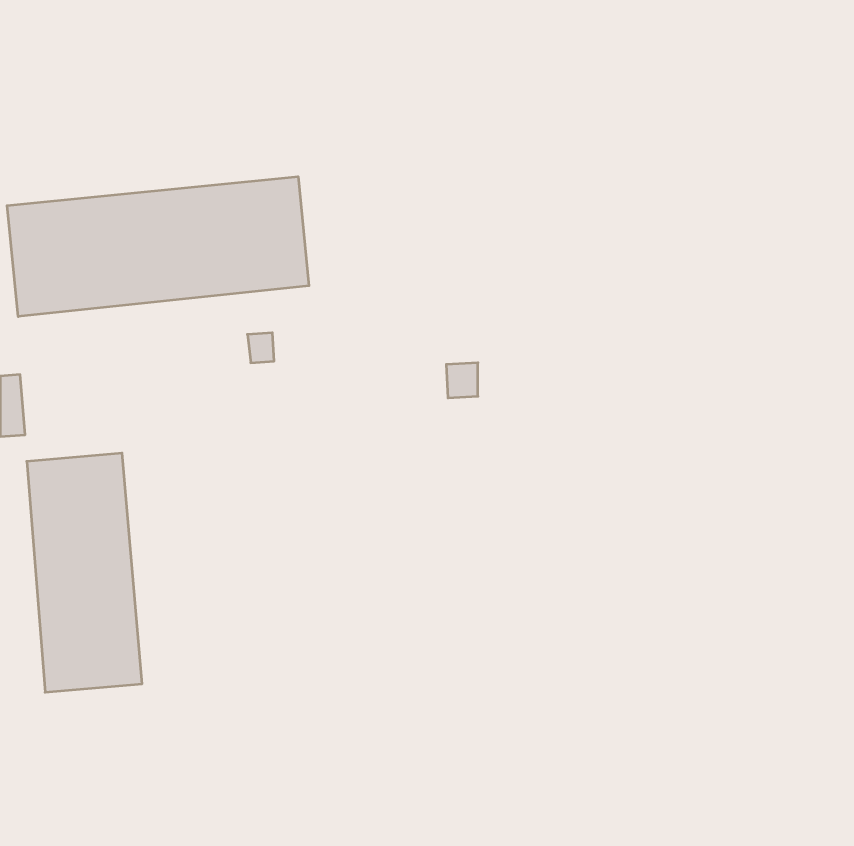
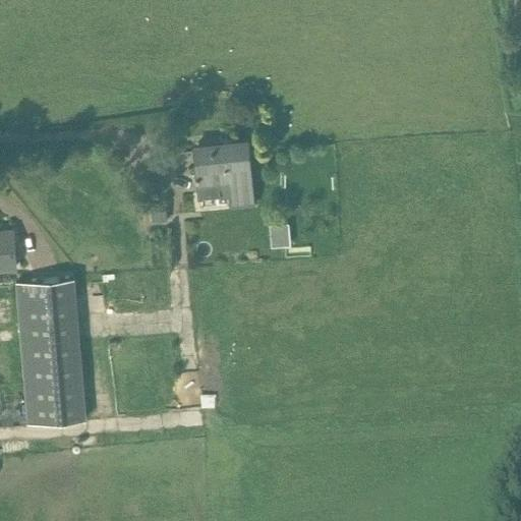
building: [7,177,309,317] -> none
building: none -> [194,143,252,208]

